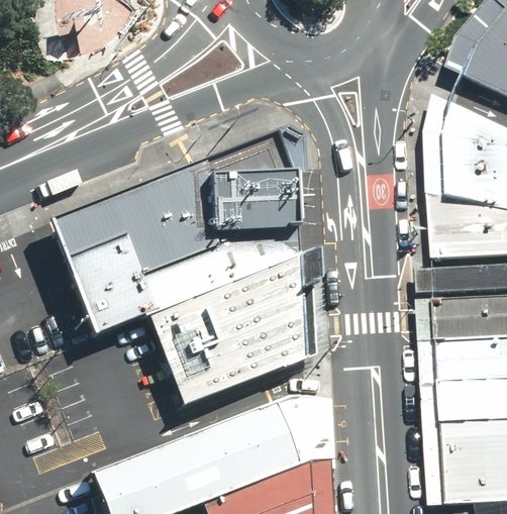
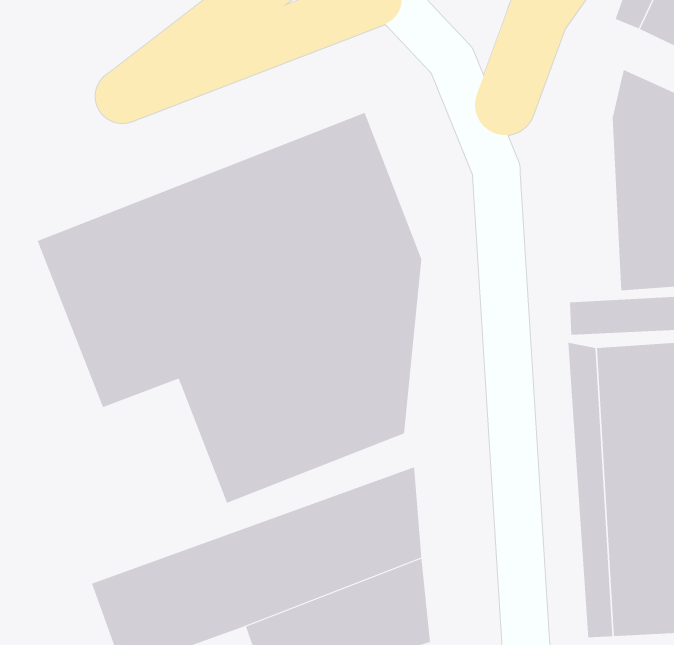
building: [432,96,462,262] -> none

